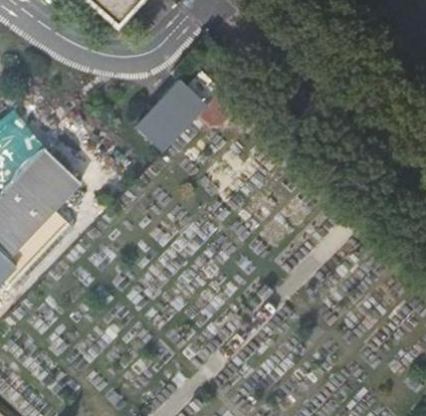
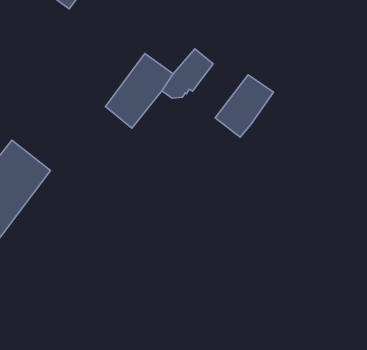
building: none -> [215,75,273,137]

